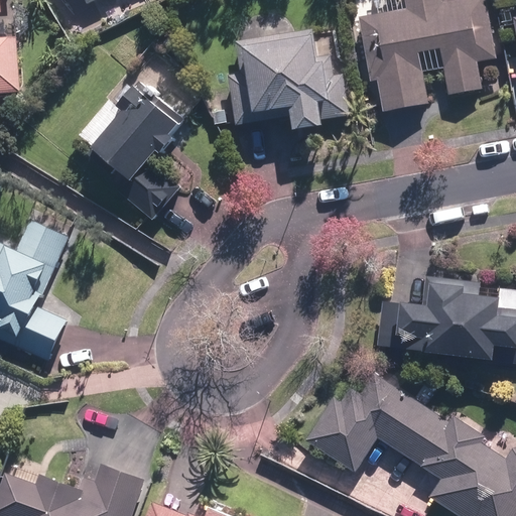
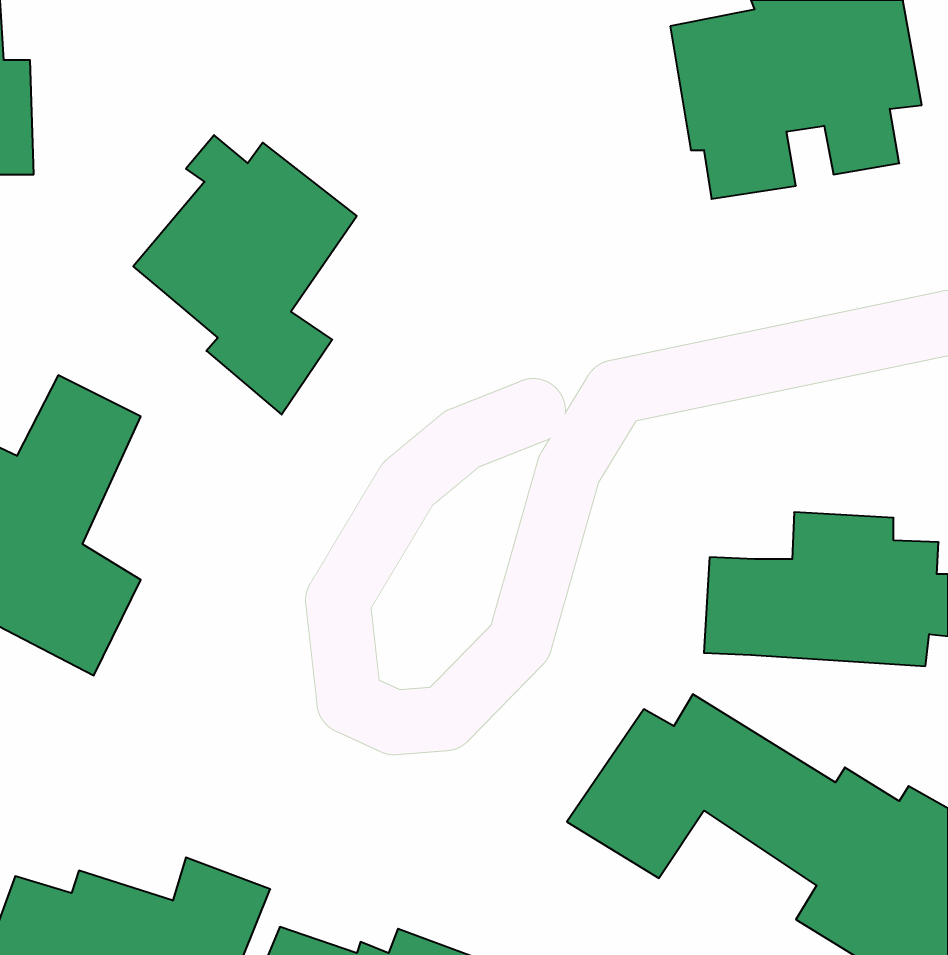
building: [229,14,350,131] -> none

